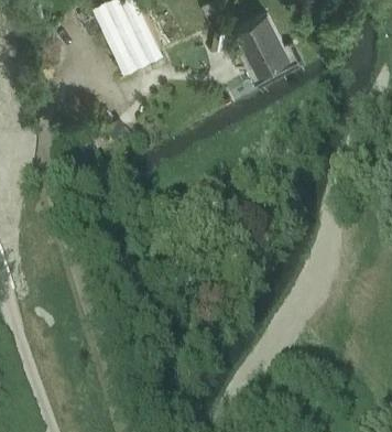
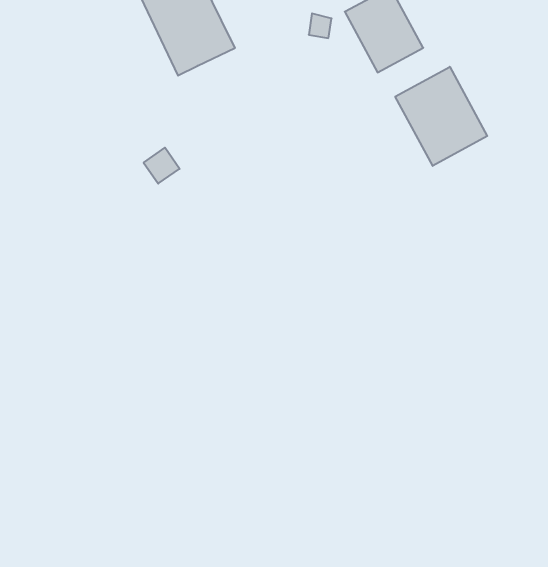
building: none -> [395,67,487,166]

